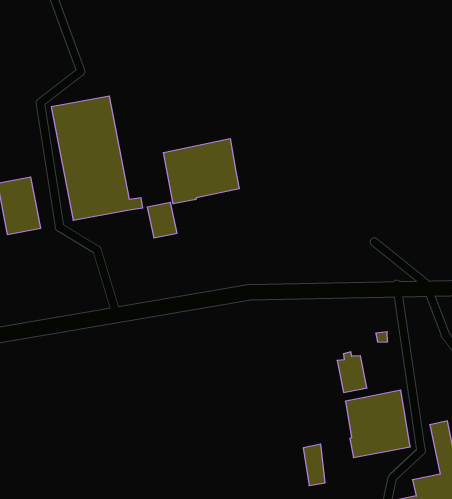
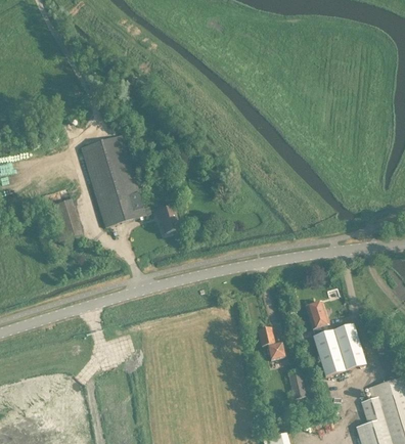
building: [163,139,239,204] -> none
building: none -> [259,327,284,360]

